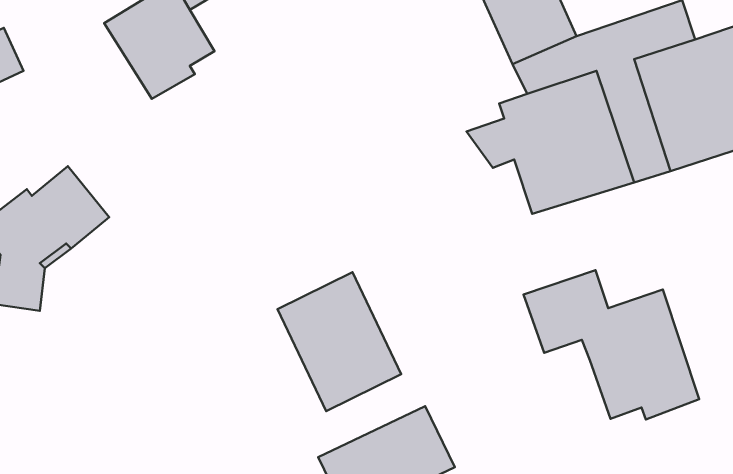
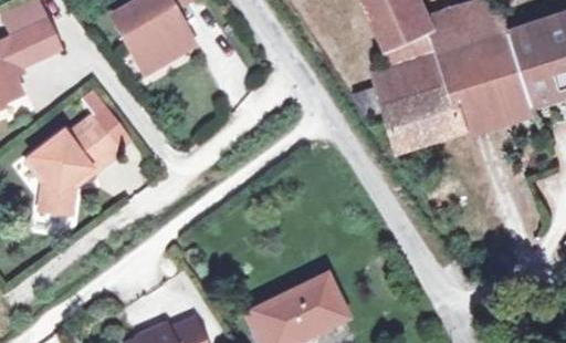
building: [524,270,699,419] -> none
building: [278,272,401,411] -> none

